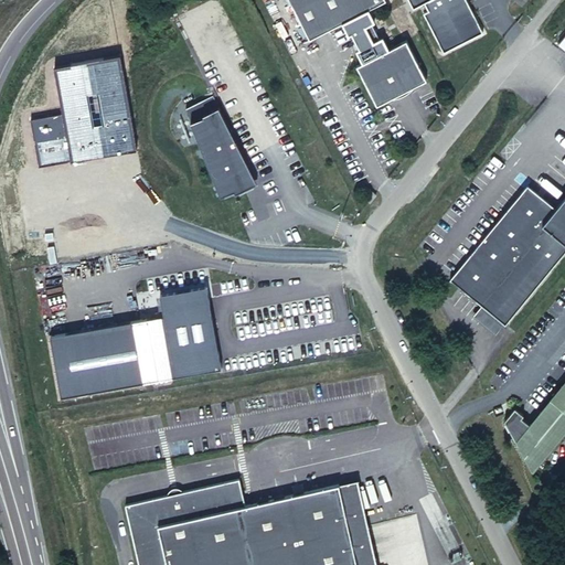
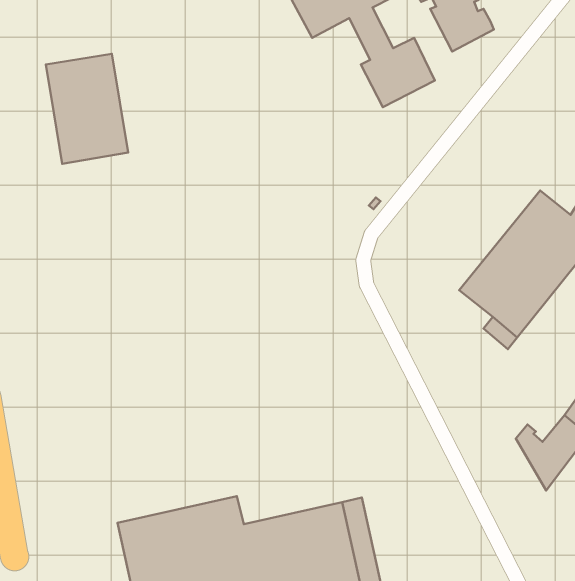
building: [186,98,257,199] -> none
building: [30,114,71,167] -> none
building: [50,288,221,398] -> none

